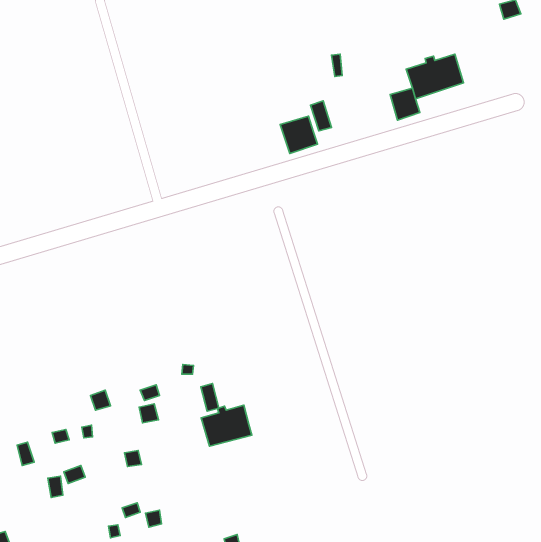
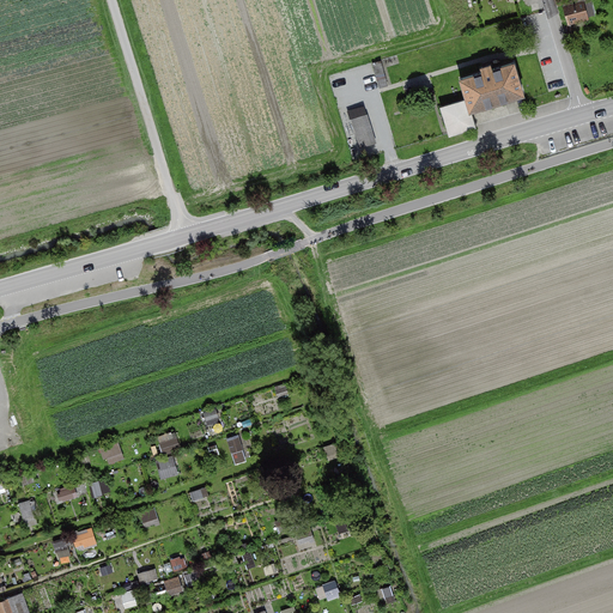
building: [280,116,317,154] -> none
building: [201,405,252,446] -> none

